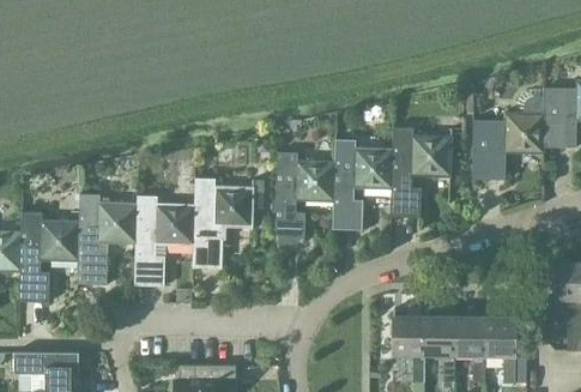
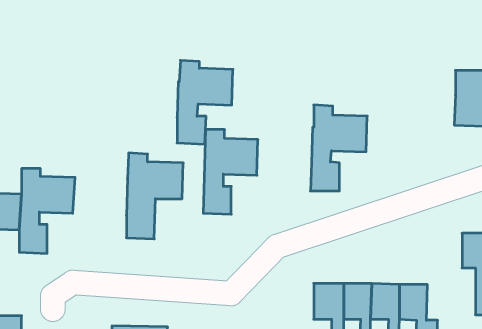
building: [472,89,545,181] -> none
building: [332,140,392,230] -> [177,60,233,144]
building: [133,194,193,287] -> none

